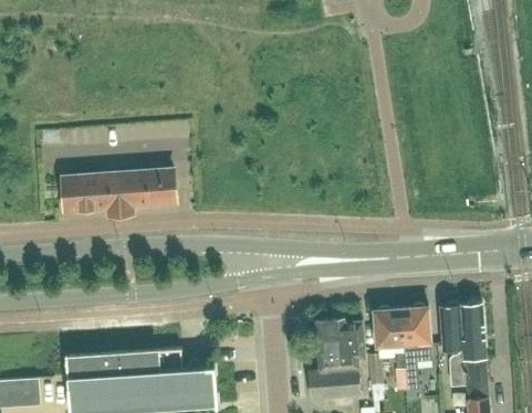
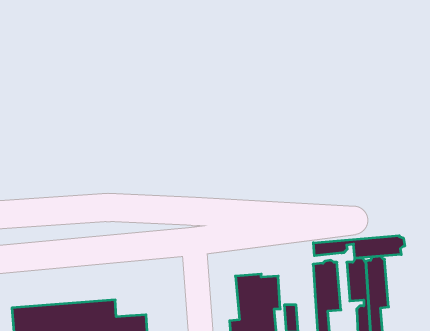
building: [62,170,175,215] -> none
building: none -> [313,236,405,258]
building: [373,308,403,347] -> none

